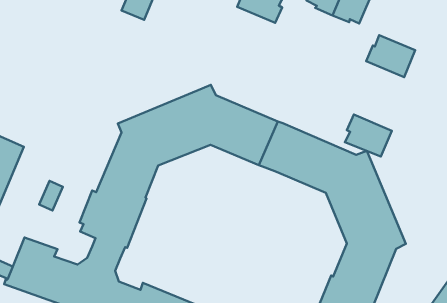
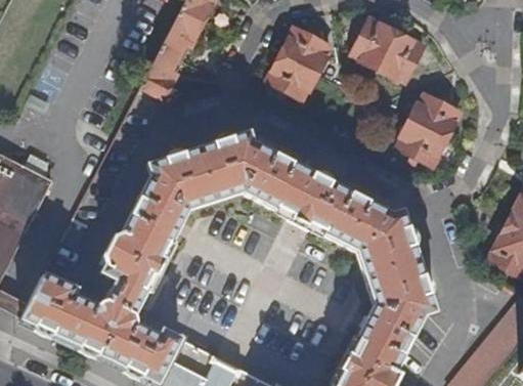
building: none -> [267,53,318,98]
building: none -> [142,48,184,98]
building: [345,115,392,157] -> [397,119,446,164]

